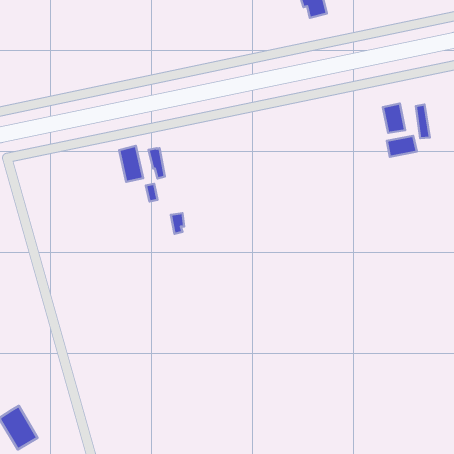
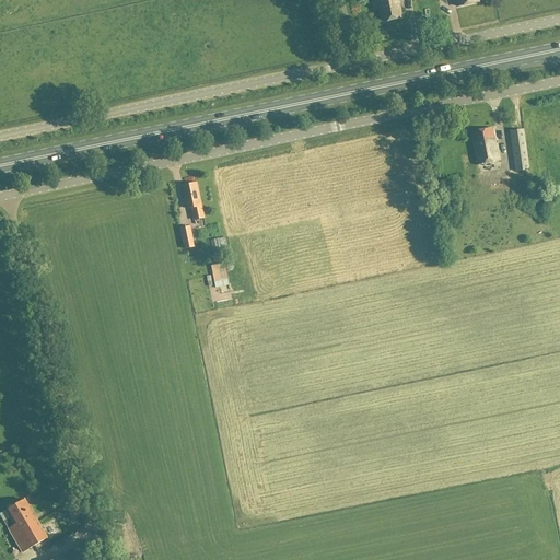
building: [387,136,417,157] -> none
building: [119,146,143,182] -> none

